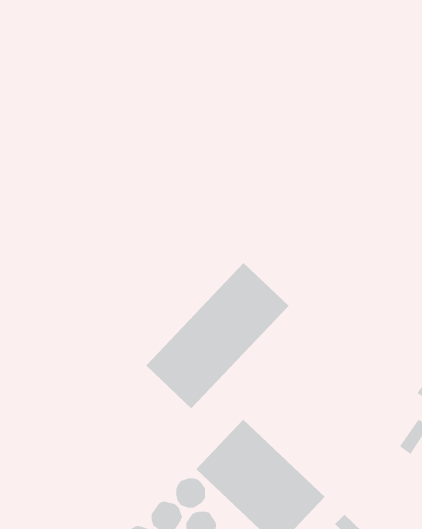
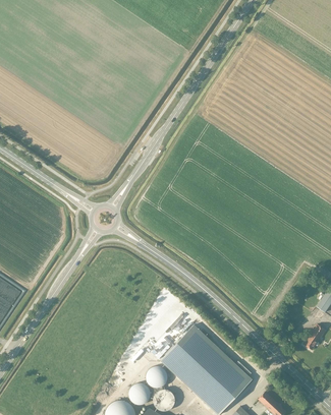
building: [146,262,289,409] -> none

